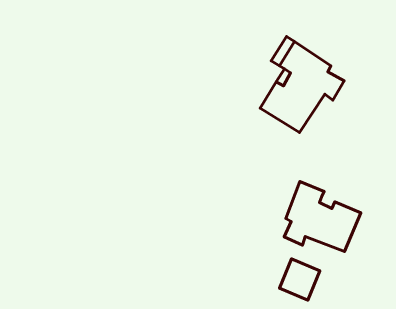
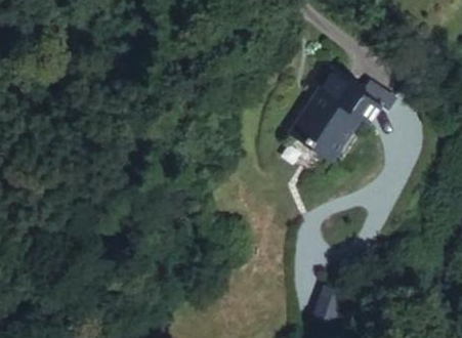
building: [284,181,361,252] -> none

